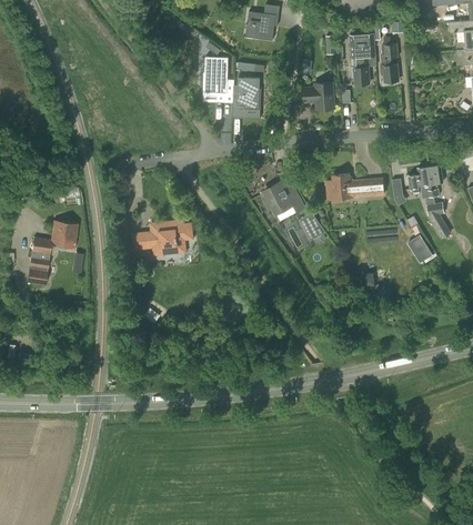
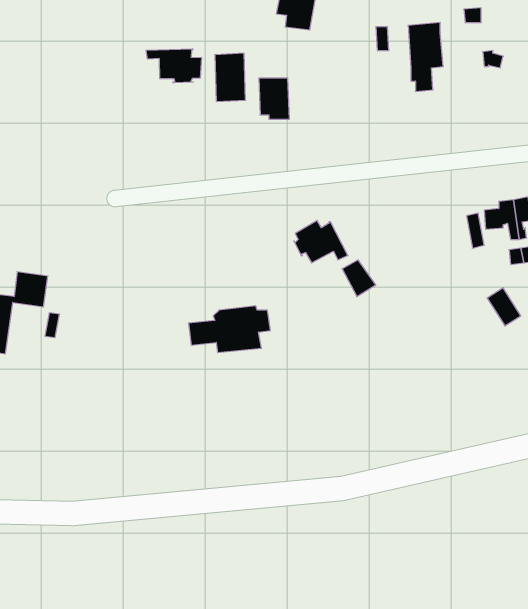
building: [380,44,396,82] -> none
building: none -> [146,49,201,83]
building: [301,83,333,111] -> none
building: [325,175,383,200] -> none
building: [130,221,192,256] -> [188,306,270,353]

